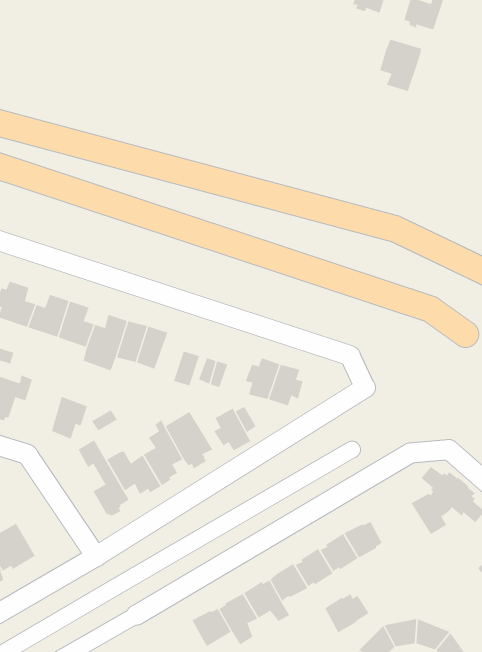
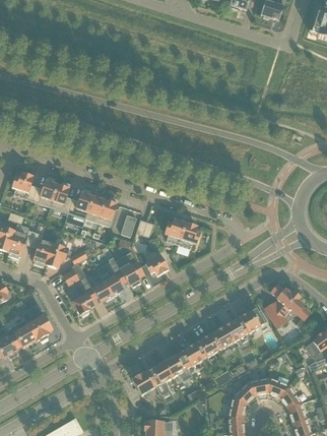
building: [380,39,422,92] -> none
building: none -> [30,233,52,267]
building: none -> [21,311,52,341]
building: [324,593,370,633] -> [240,309,267,333]

